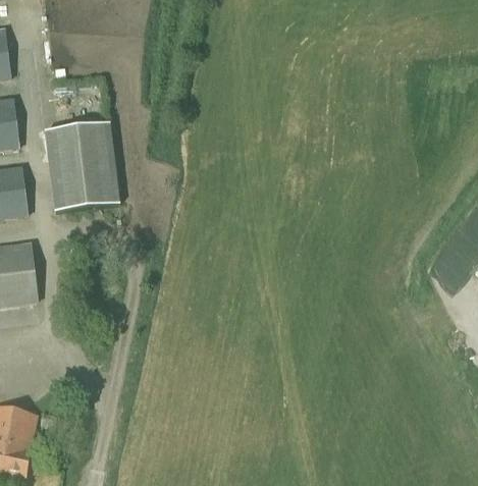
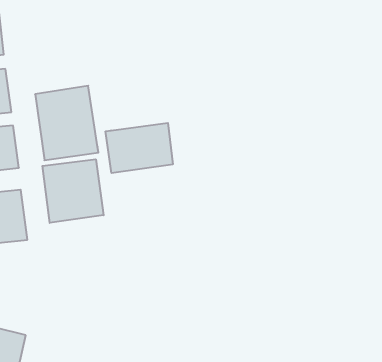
building: none -> [106,123,173,173]
building: none -> [42,159,104,223]

